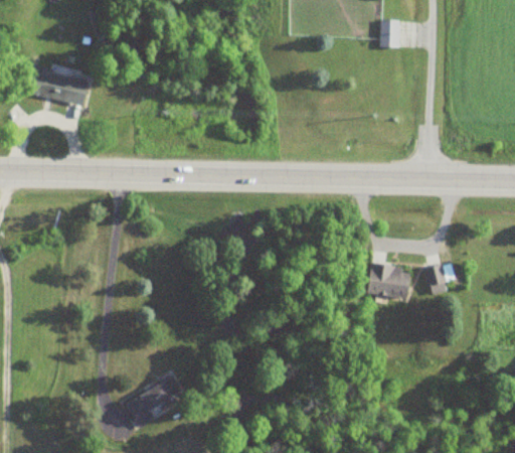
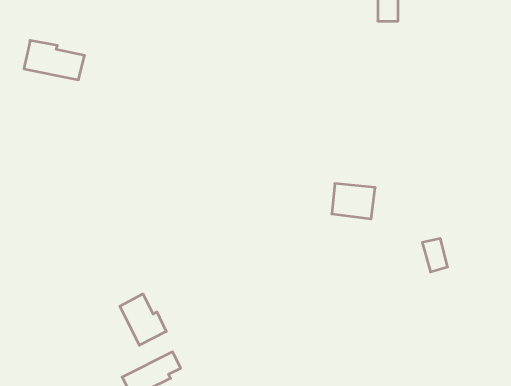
building: [368,264,411,299] -> [332,184,375,219]
building: none -> [120,294,166,345]

